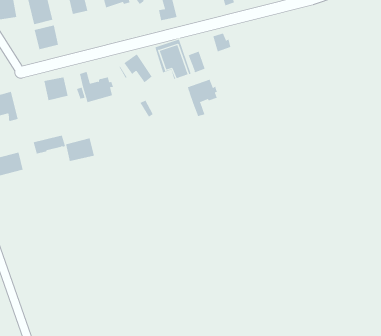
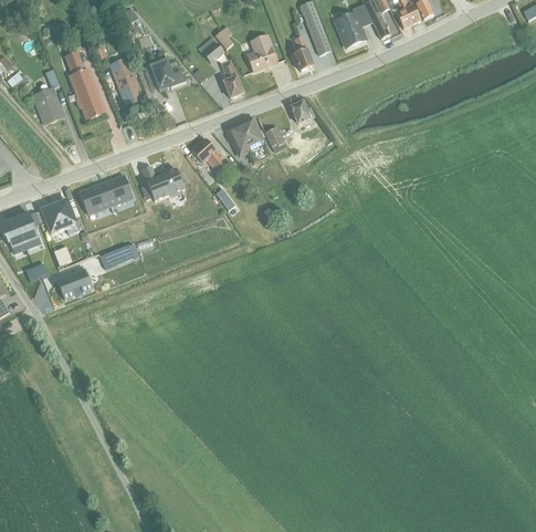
building: [34,25,59,50] -> [78,184,109,215]
building: [187,79,217,117] -> none
building: [65,138,94,162] -> none

